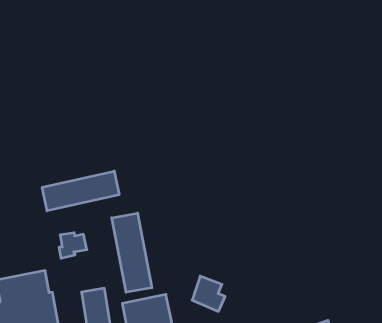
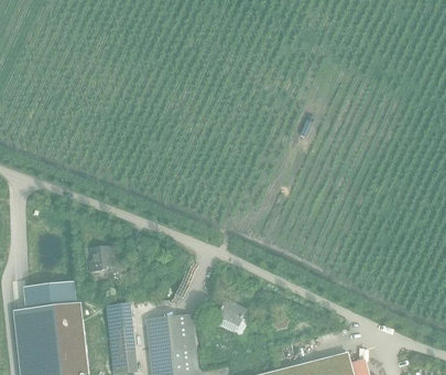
building: [42,171,119,211] -> none
building: [112,213,152,292] -> none

